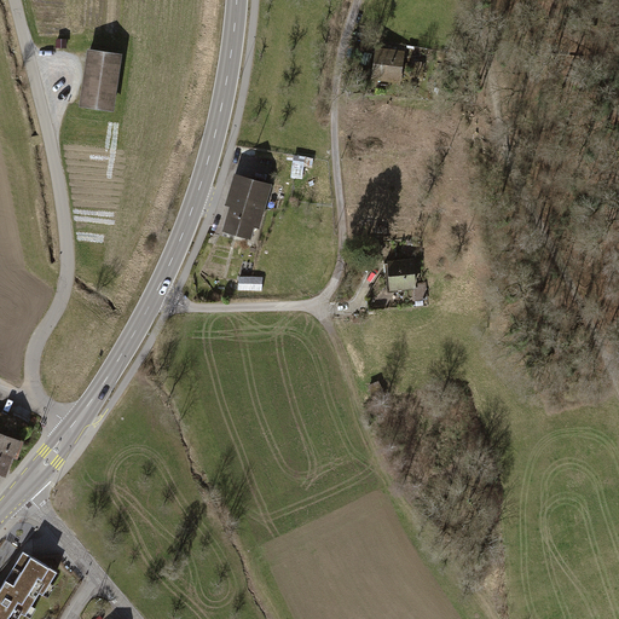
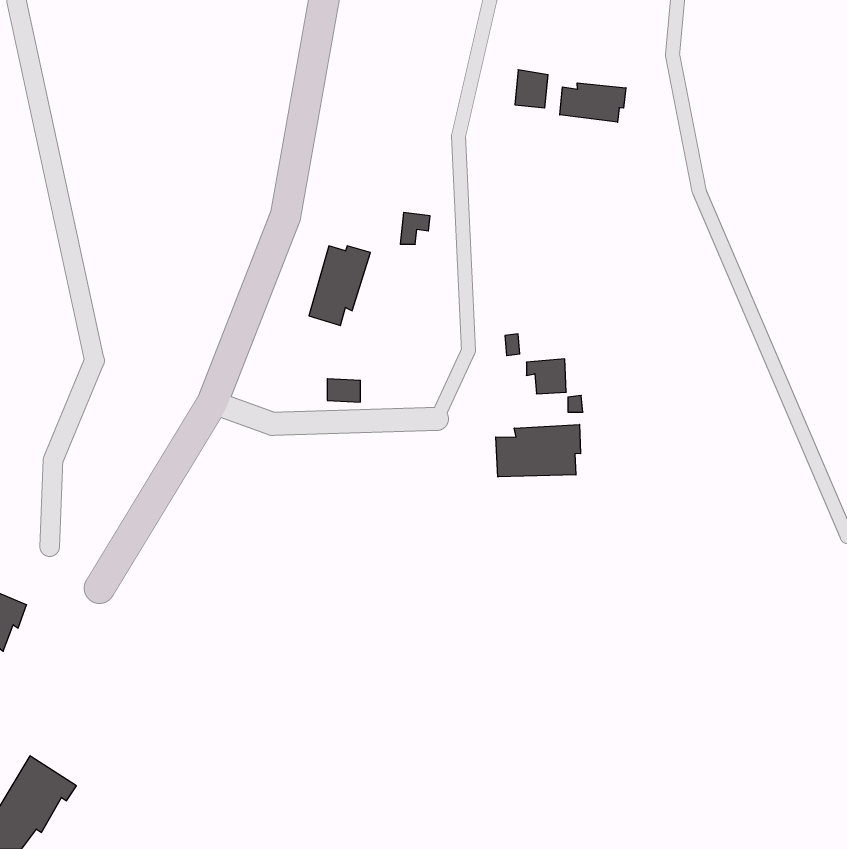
building: [81,51,118,109] -> none
building: none -> [560,83,626,122]
building: none -> [496,424,581,477]

